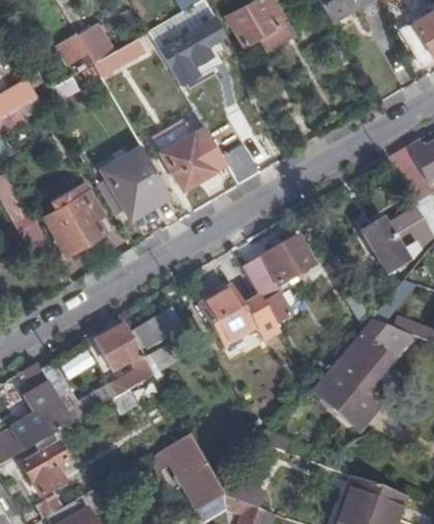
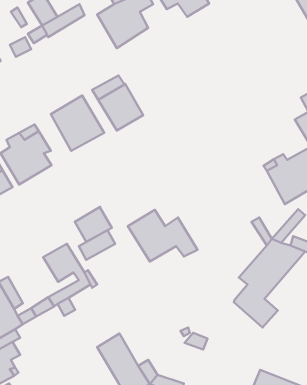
building: [242,235,314,297] -> none
building: none -> [75,207,112,242]

